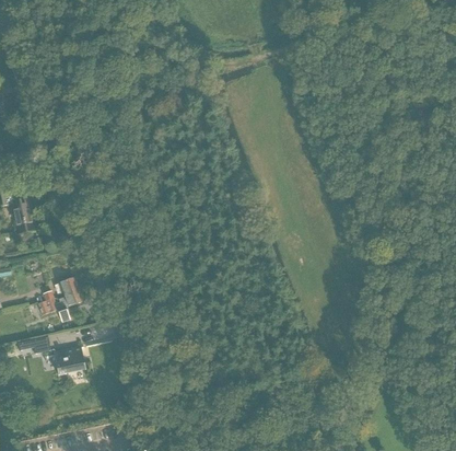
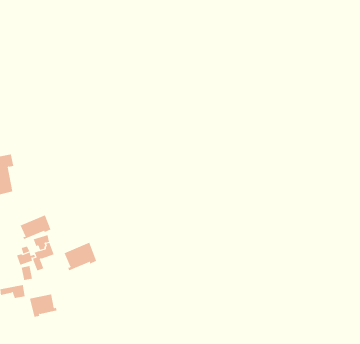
building: none -> [20,215,51,240]
building: none -> [64,242,97,271]

